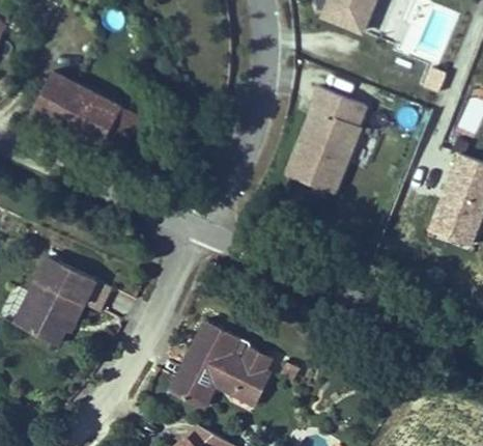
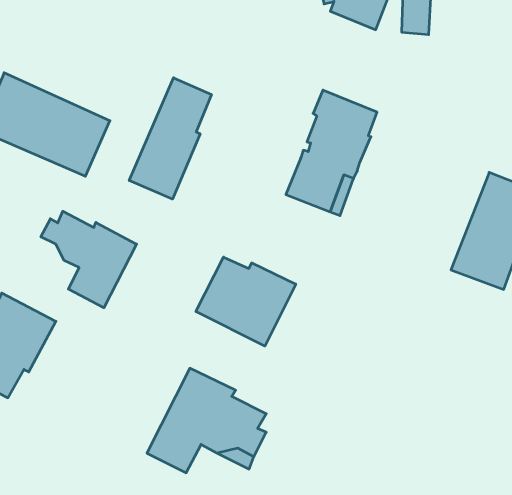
building: none -> [129,78,211,199]
building: none -> [41,211,137,308]
building: none -> [196,257,296,346]

